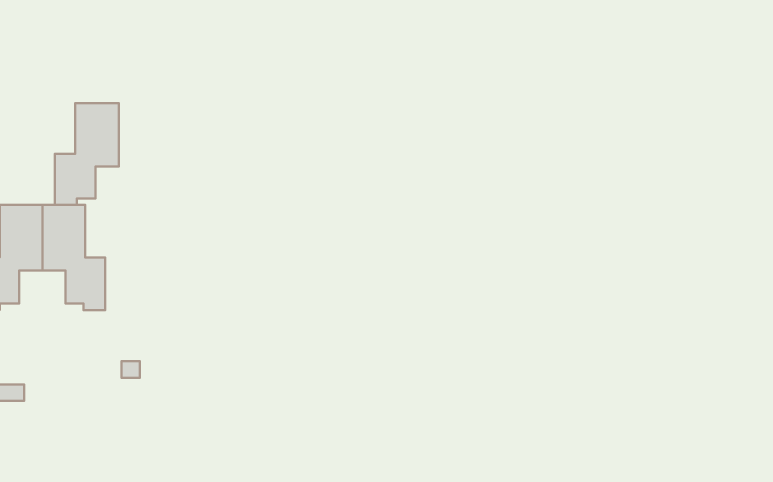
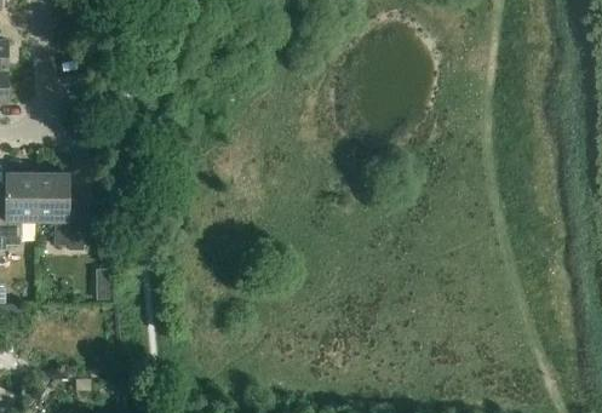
building: [55,103,119,205] -> none

